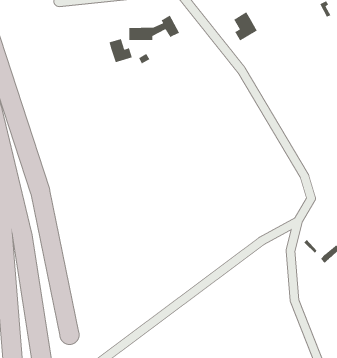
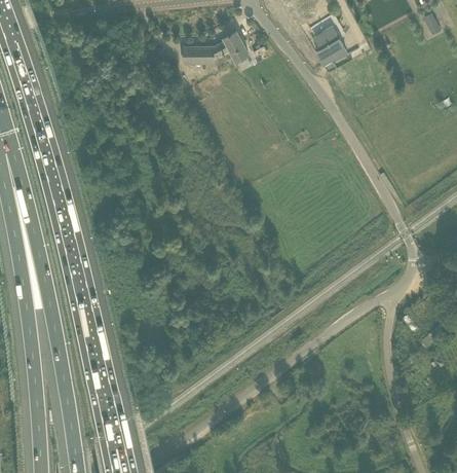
building: [109,38,133,63] -> none

